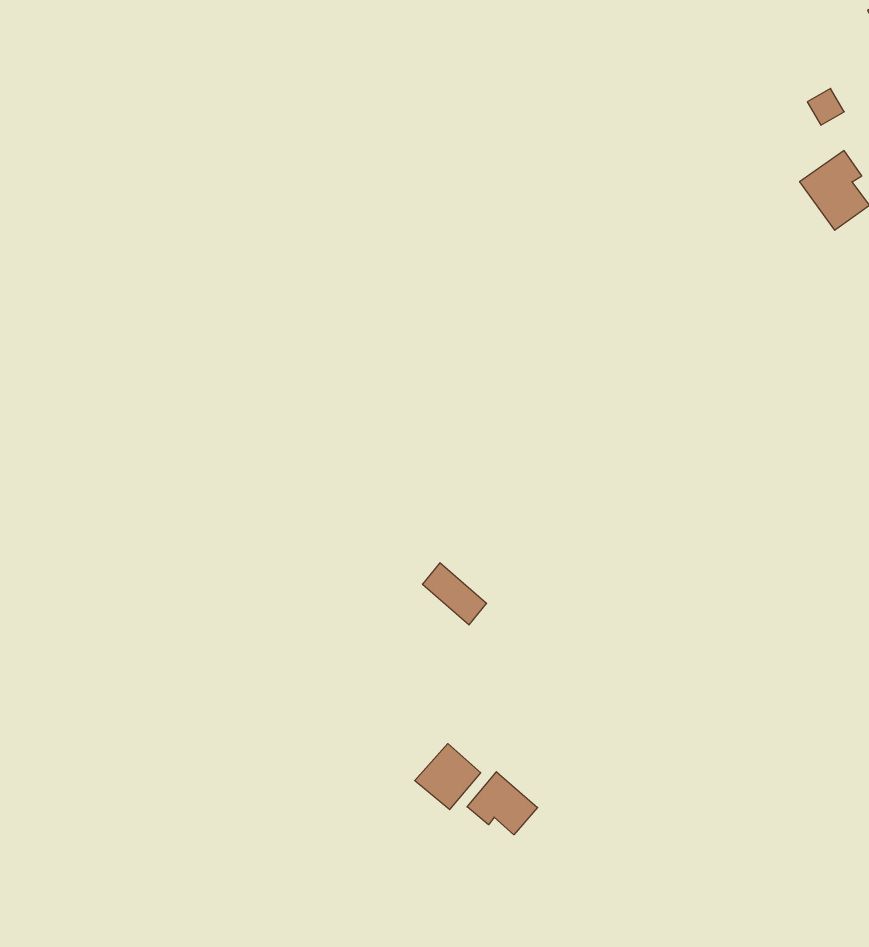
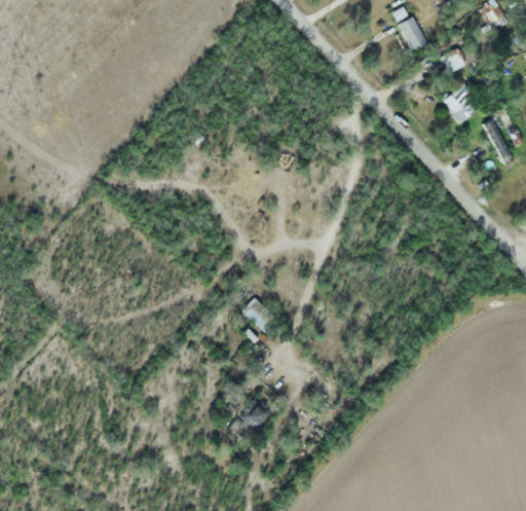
building: none -> [399,16,425,51]
building: [467,772,538,835] -> none

